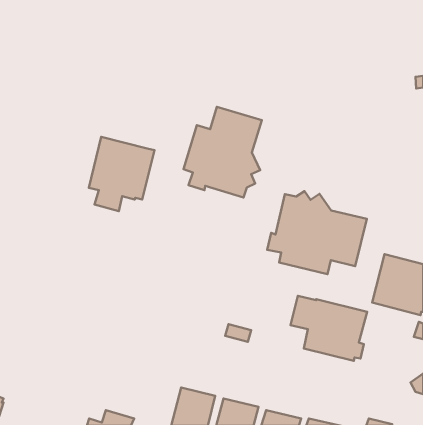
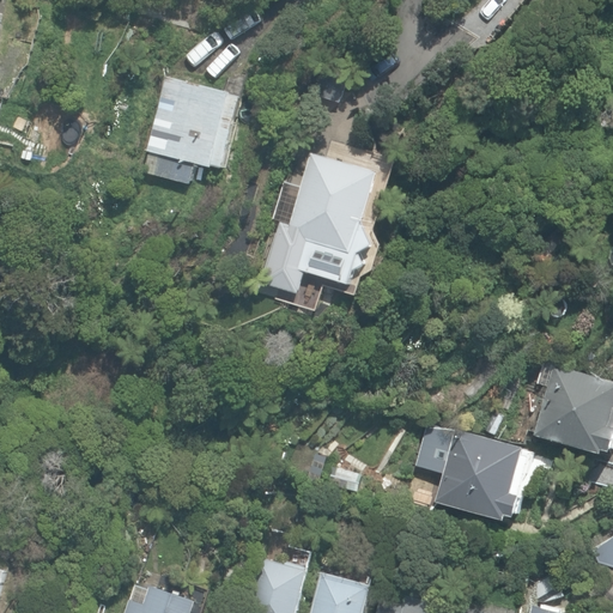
building: [89,137,155,211] -> [146,79,241,186]
building: [267,191,367,274] -> none

